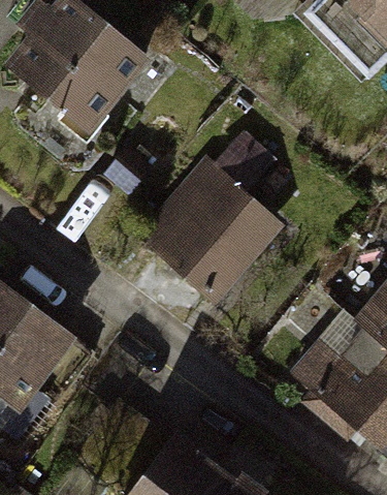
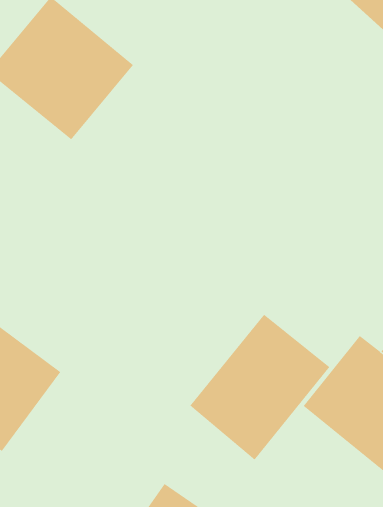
building: [140,158,282,298] -> none
building: none -> [190,314,330,460]

